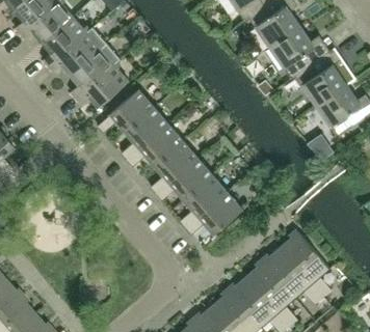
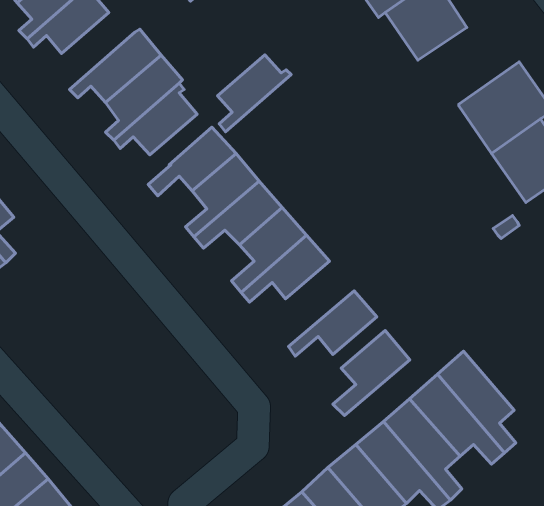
building: [43,17,89,65] -> [217,55,291,132]
building: [269,26,329,79] -> none
building: [180,174,229,228] -> [333,330,410,415]

